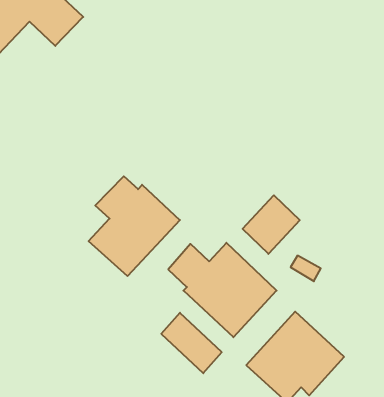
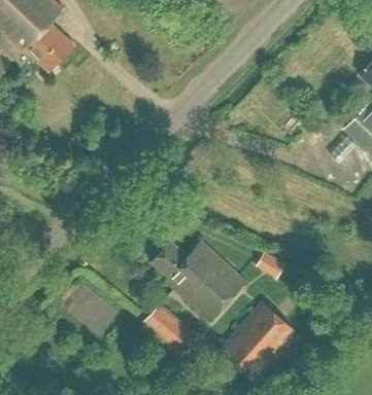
building: [89,176,180,276] -> none
building: [243,195,300,254] -> none

